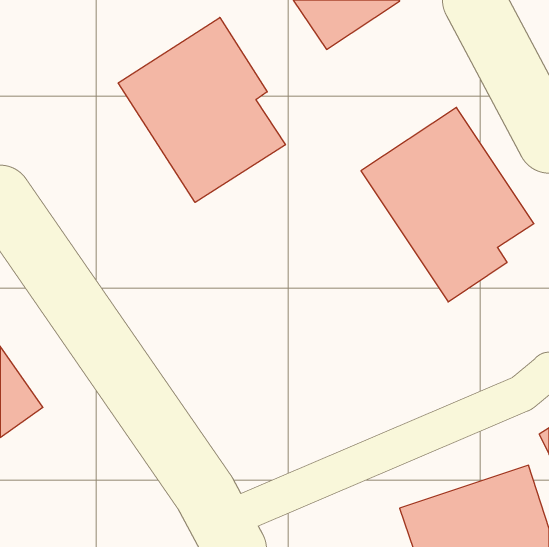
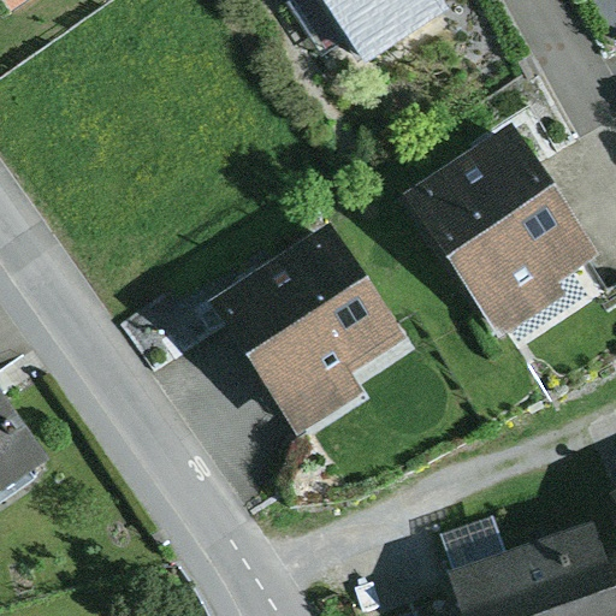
building: [118,17,285,202] -> none
building: none -> [208,221,405,436]

